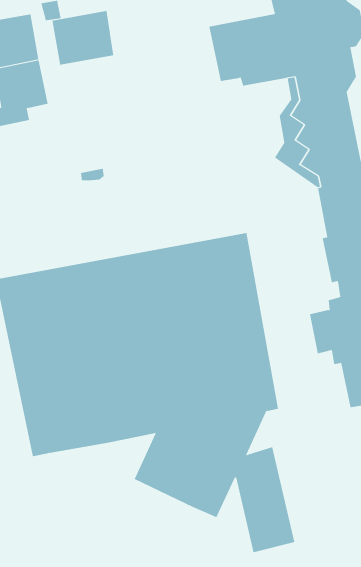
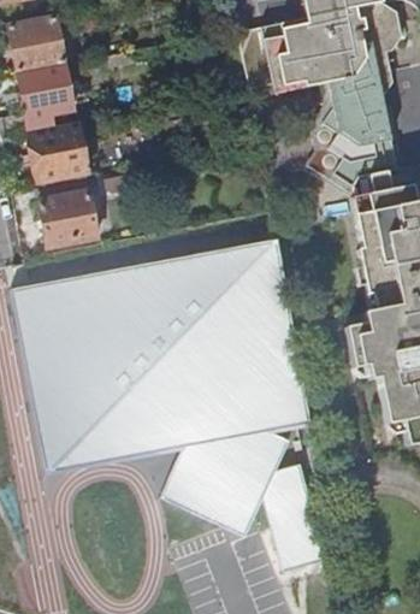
building: [52,10,114,65] -> none
building: none -> [32,123,90,178]
building: none -> [43,187,101,243]

